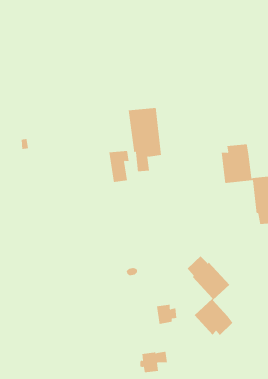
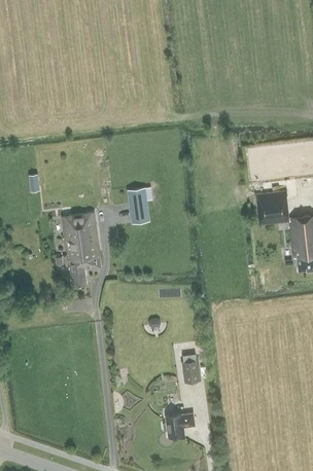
building: [128,108,162,172] -> [62,213,100,285]
building: [187,255,233,336] -> none

